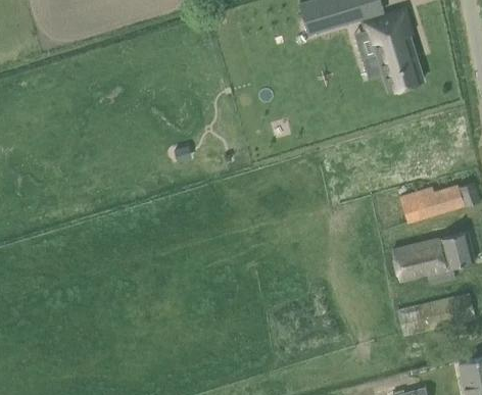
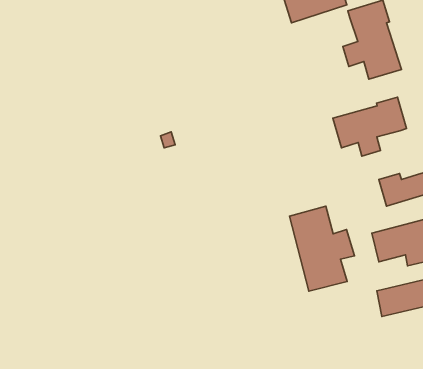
building: none -> [333,97,406,156]
building: none -> [289,206,354,291]

